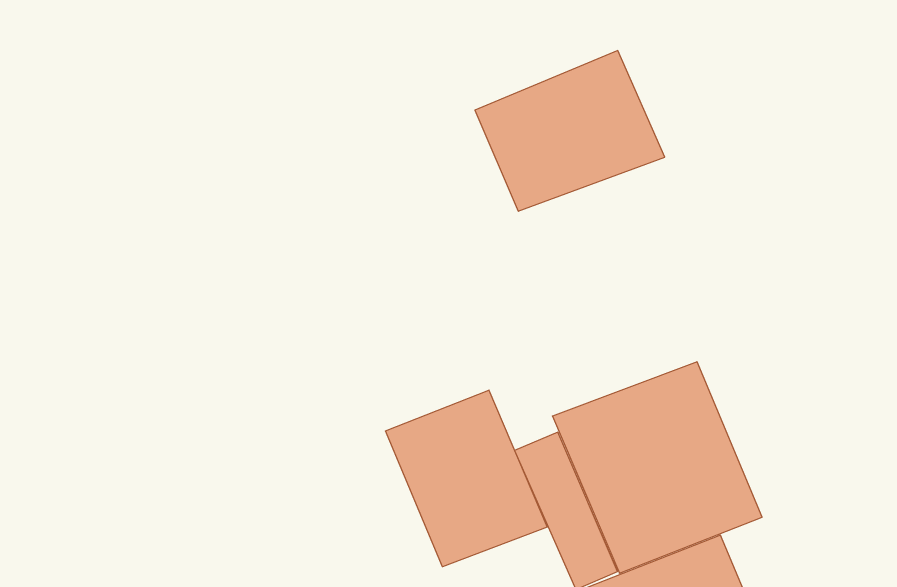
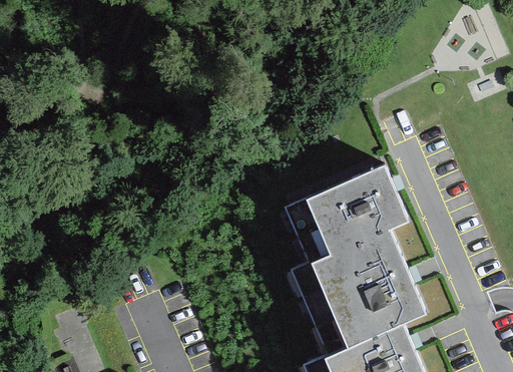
building: [475,51,665,211] -> [304,162,409,252]
building: [386,390,547,567] -> none

